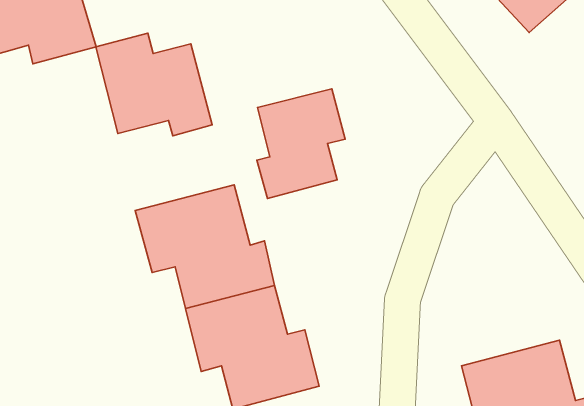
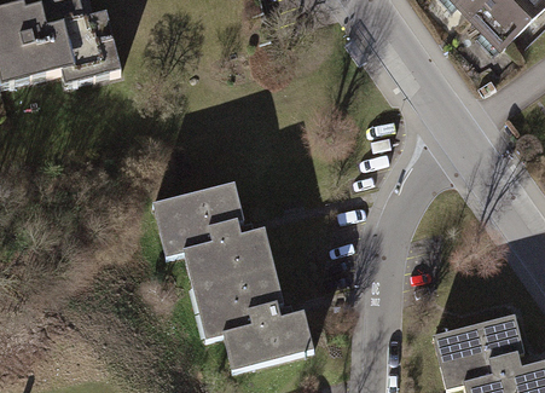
building: [96,33,212,136] -> none
building: [257,89,345,198] -> none

